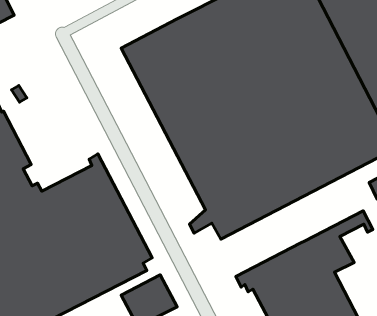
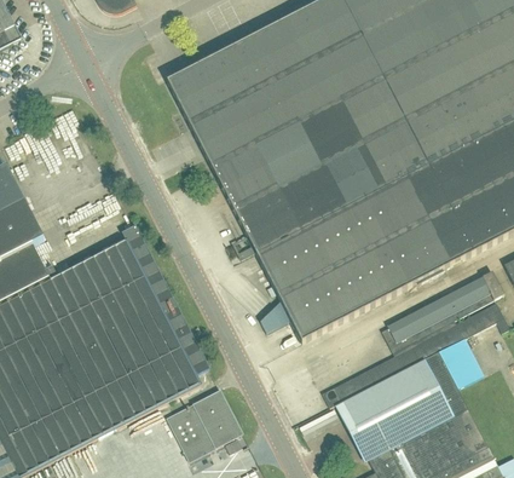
building: none -> [381,269,503,350]

